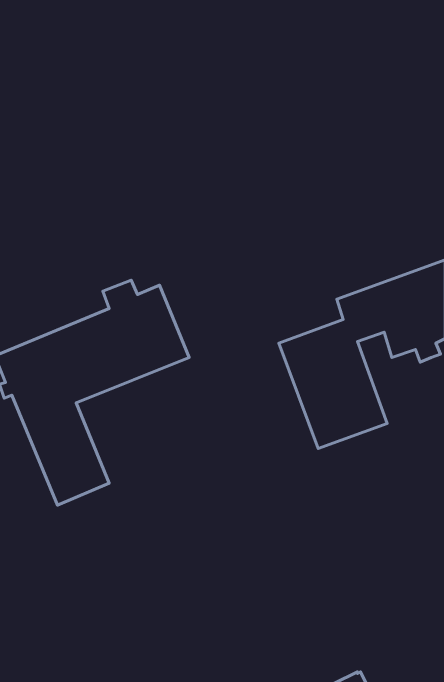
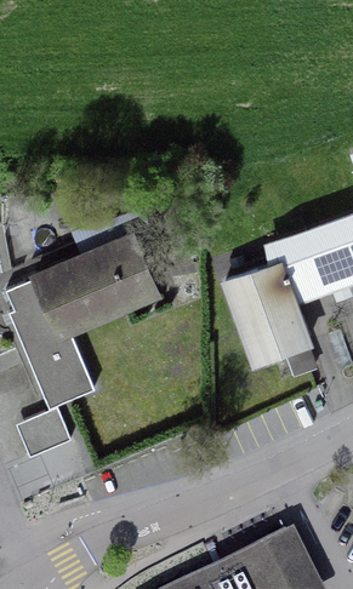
building: none -> [23,407,69,451]

